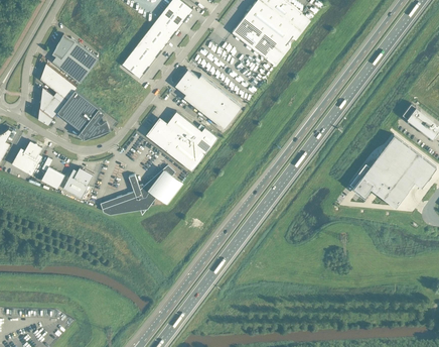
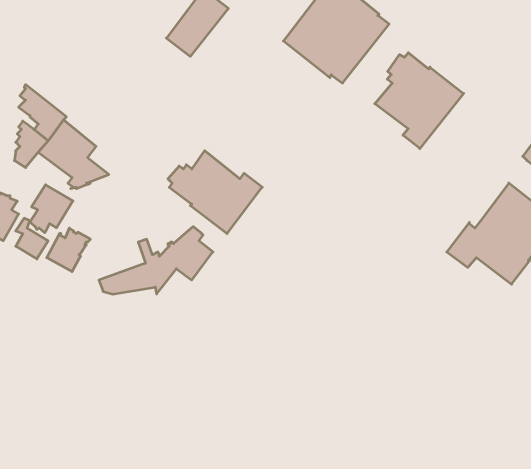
building: [121,30,165,78] -> none
building: [51,34,98,83] -> none
building: none -> [375,53,464,149]
building: [174,69,241,129] -> none
building: none -> [30,185,73,233]

